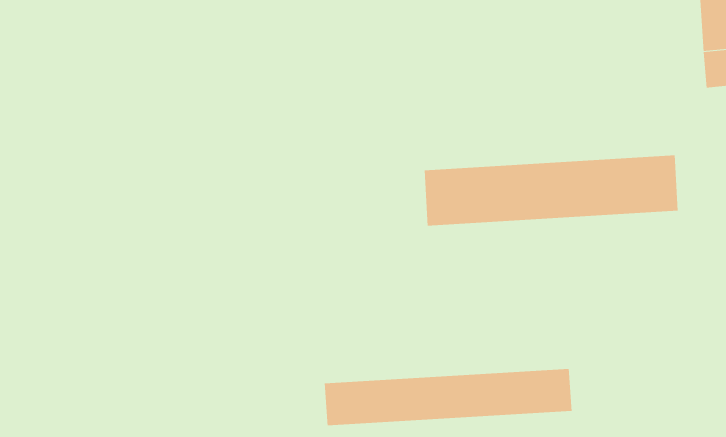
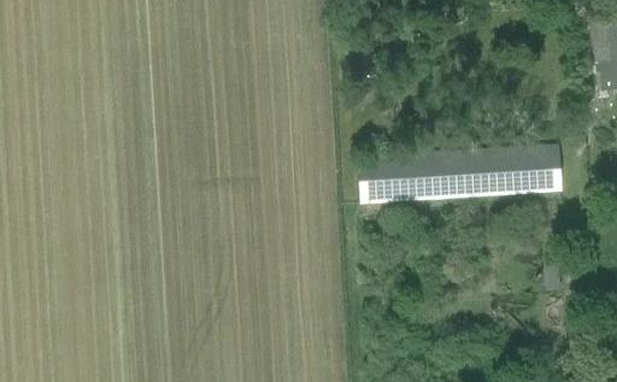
building: [324,368,572,426] -> none

